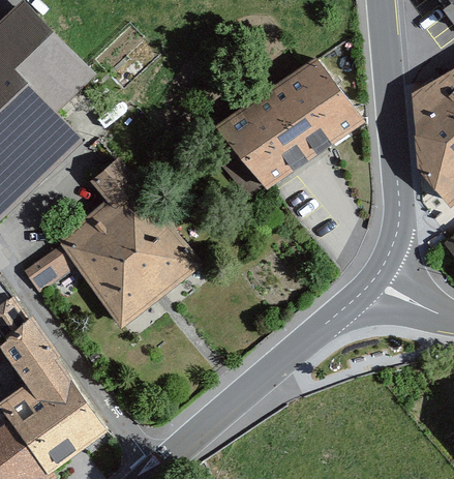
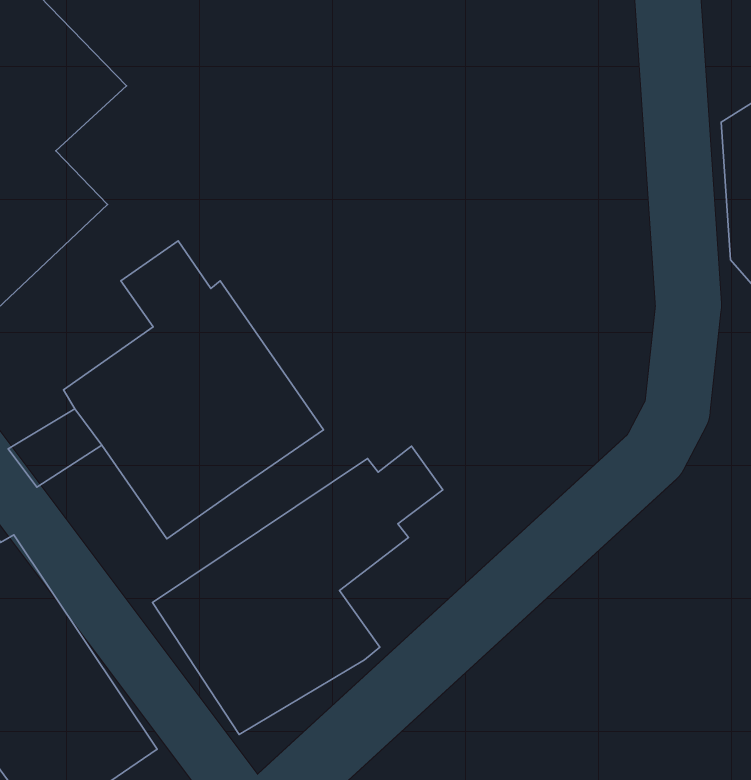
building: [216,59,358,189] -> none
building: none -> [152,446,443,734]

